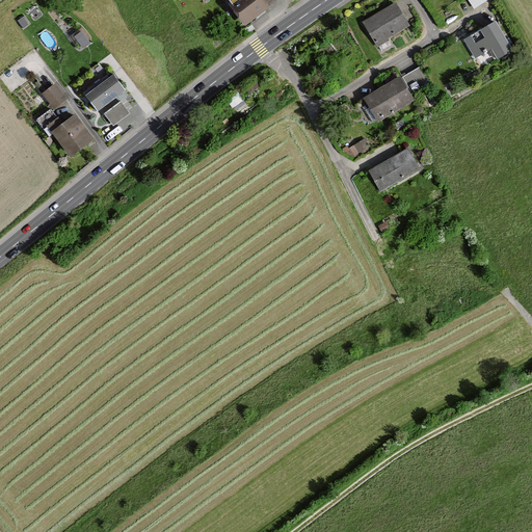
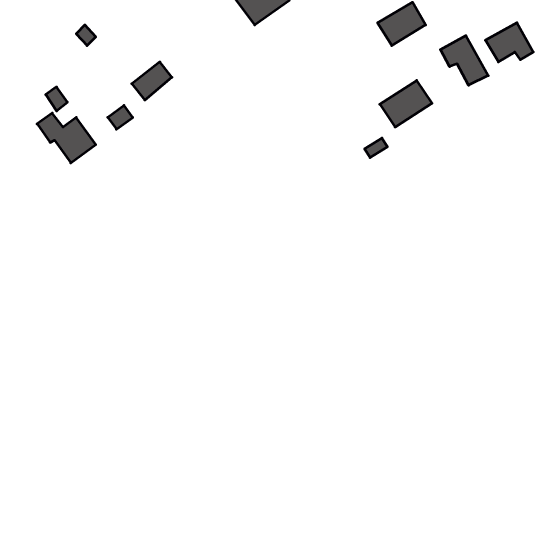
building: none -> [440,36,488,85]
building: [84,75,123,111] -> [132,62,172,100]
building: [370,147,419,190] -> none

